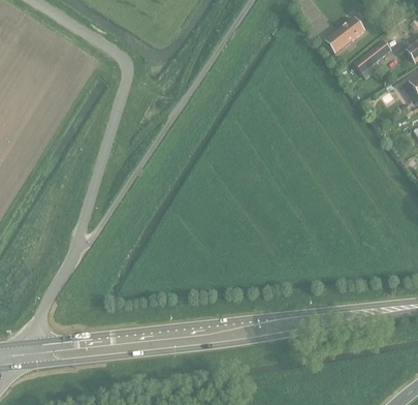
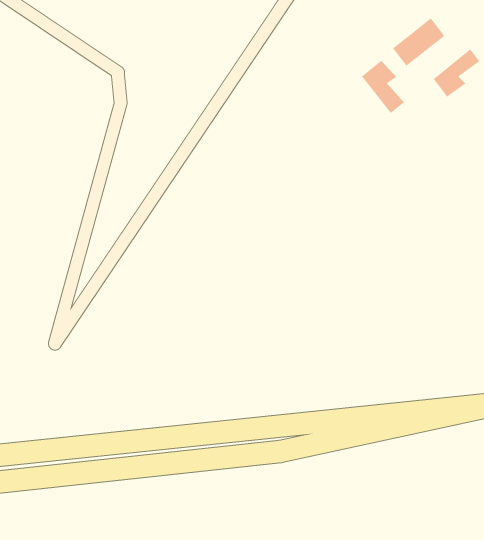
building: none -> [361,60,405,114]

